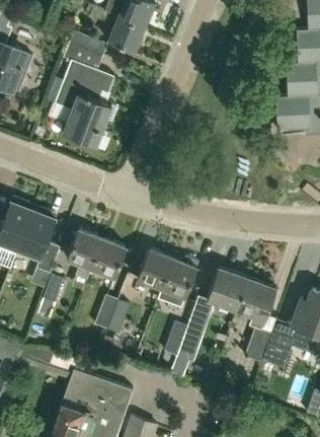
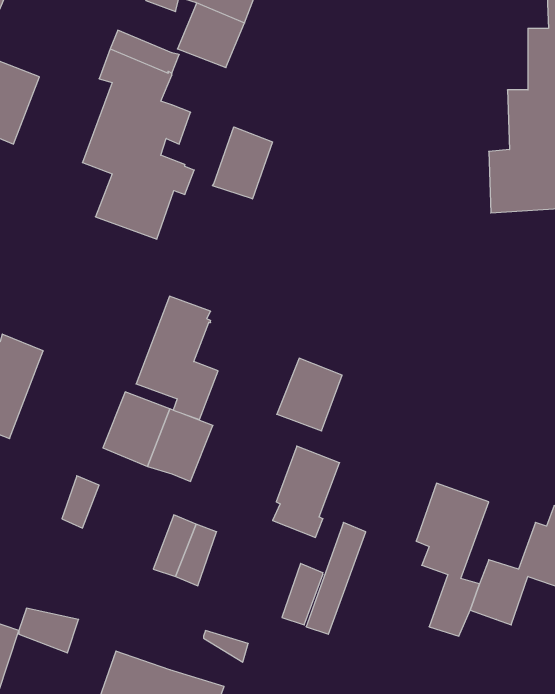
building: none -> [212,127,273,199]
building: [16,207,61,274] -> [136,296,218,419]
building: [137,249,172,289] -> [277,358,342,431]
building: [207,269,248,310] -> none

